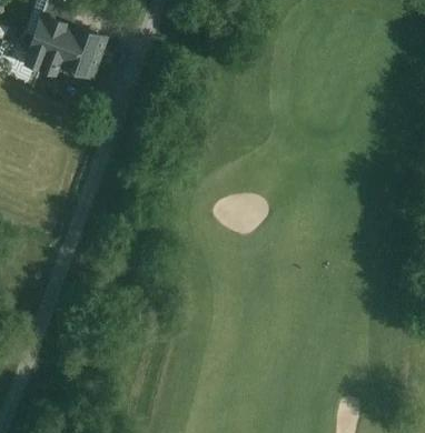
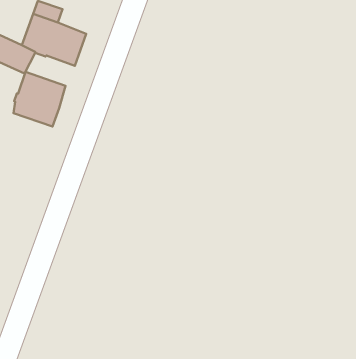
building: none -> [14,72,65,127]

